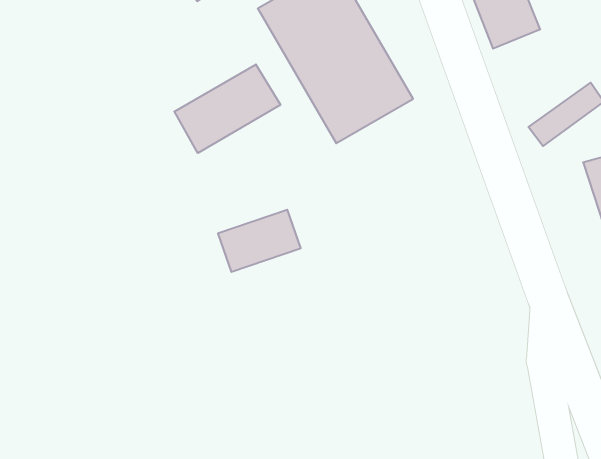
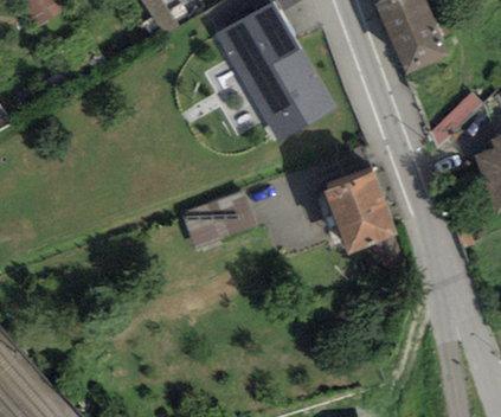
building: [174,64,280,153] -> none
building: none -> [325,172,388,243]

